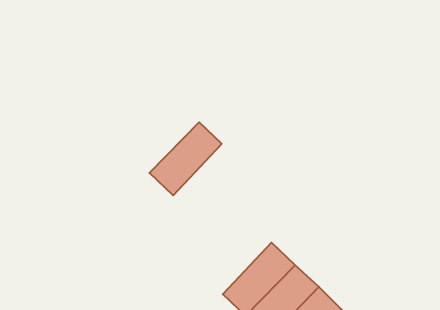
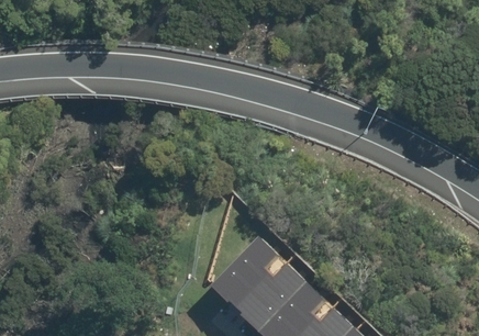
building: [149,122,222,195] -> [214,240,288,315]

